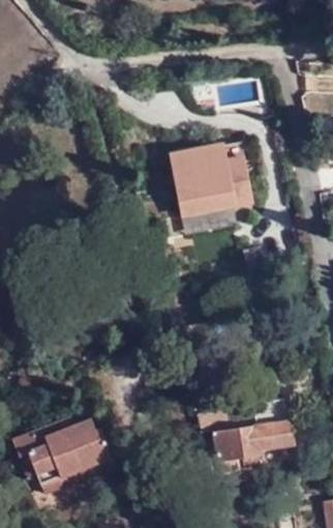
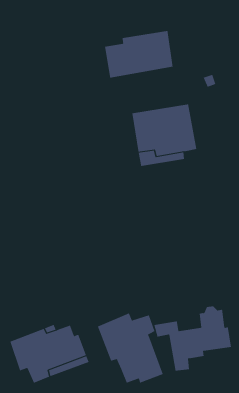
building: none -> [105,30,173,78]
building: none -> [97,313,164,384]

